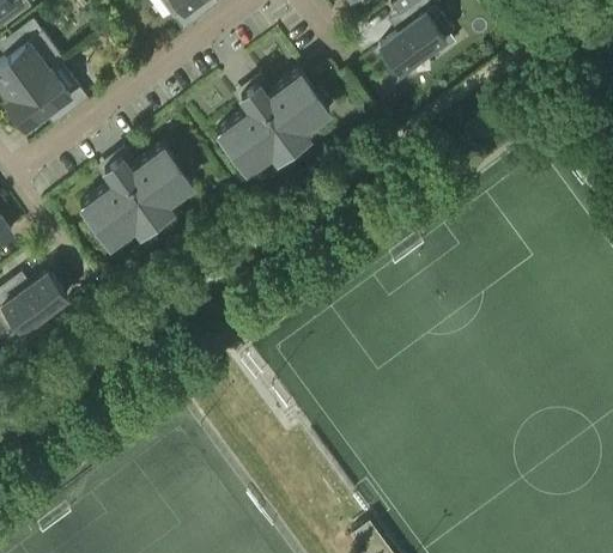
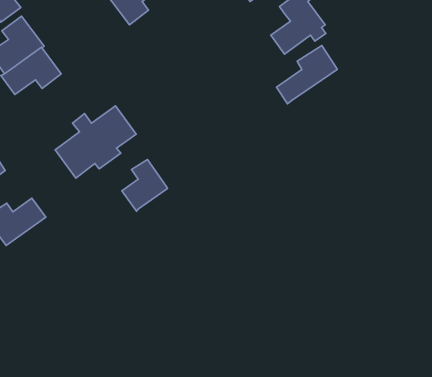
building: none -> [277,45,337,104]
building: [217,75,329,175] -> none
building: none -> [122,159,168,211]

